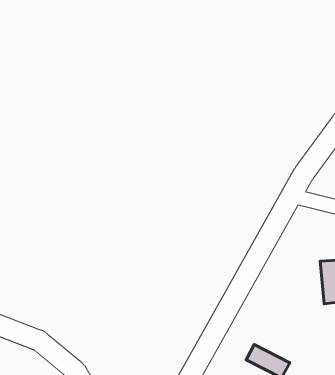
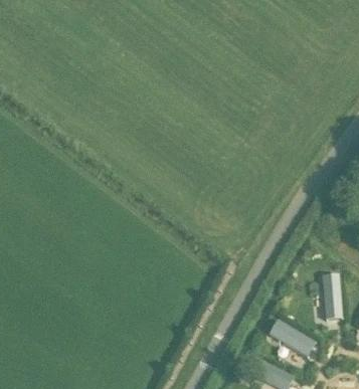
building: none -> [268,320,314,355]

